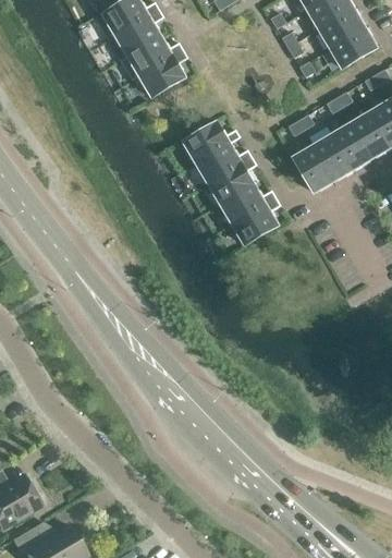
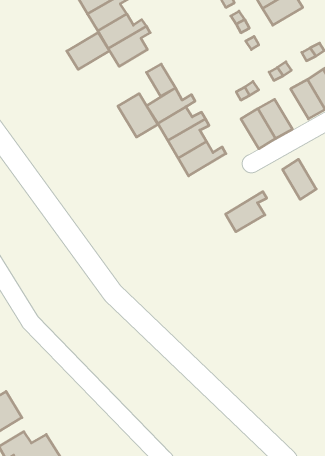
building: [330,27,376,68] -> none
building: none -> [67,33,110,69]
building: none -> [146,64,175,96]
building: [332,122,371,169] -> [283,159,316,199]
building: none -> [118,94,158,137]
building: [232,197,280,244] -> [226,192,267,232]

